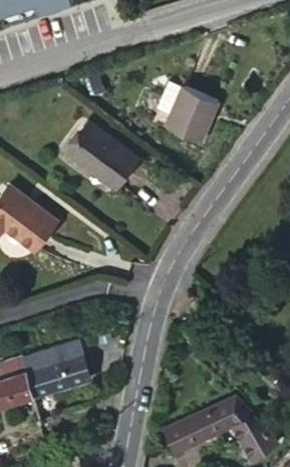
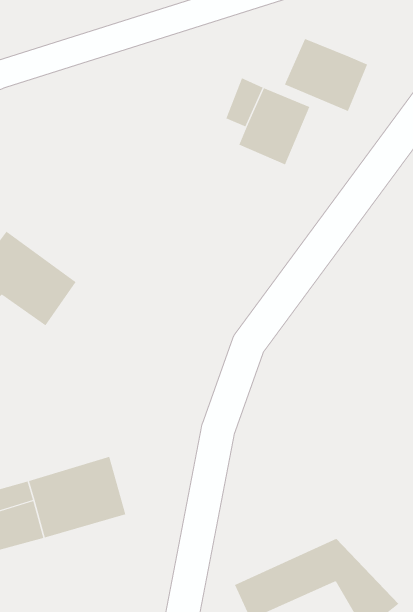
building: none -> [284,38,368,112]
building: [67,123,135,187] -> none

